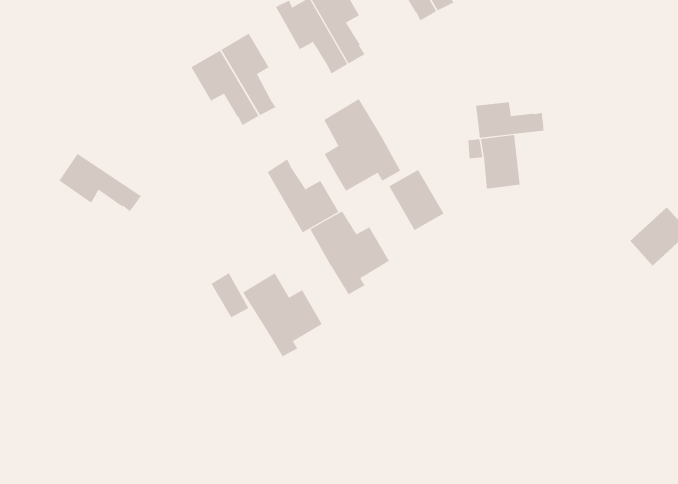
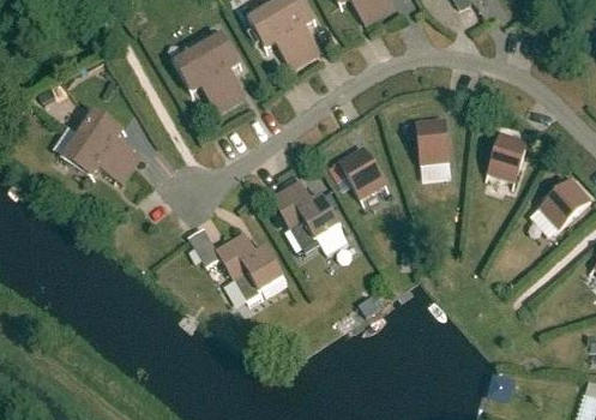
building: [324,98,401,192] -> none
building: [475,101,544,139] -> none
building: none -> [78,103,140,168]
building: none -> [487,131,528,180]
building: [267,159,339,233] -> none

